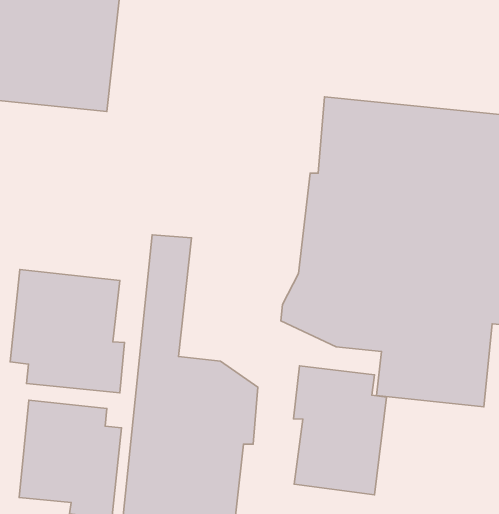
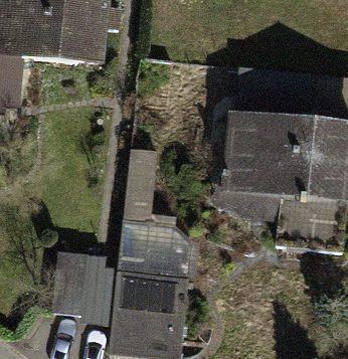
building: [10,269,125,393] -> none
building: [293,366,387,495] -> none

